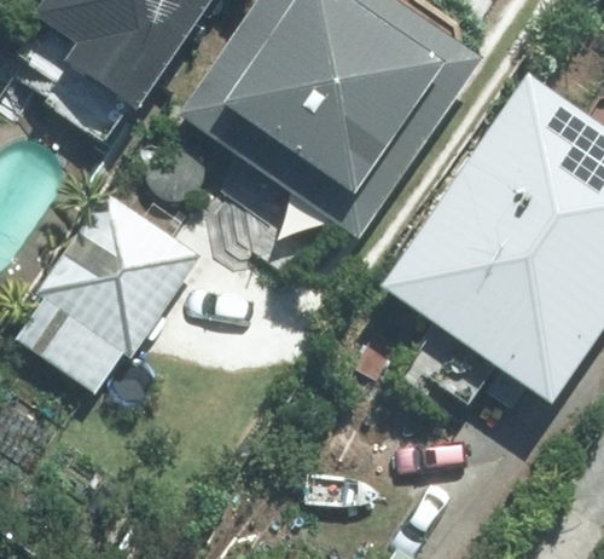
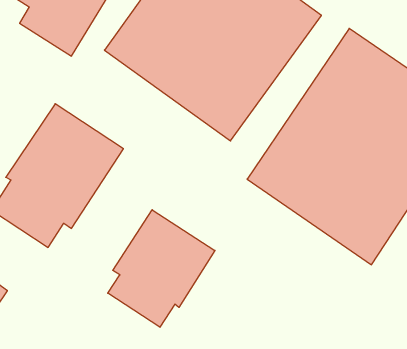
building: none -> [108,210,215,327]

